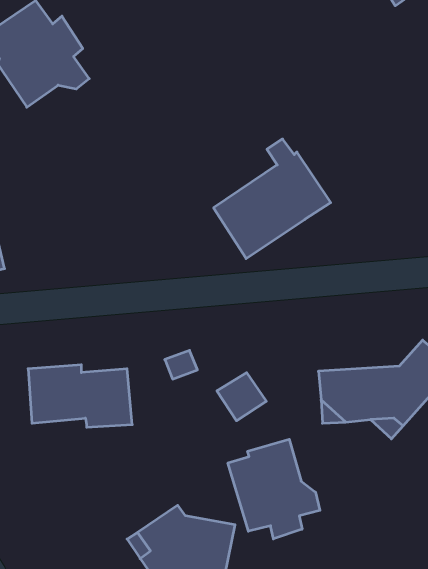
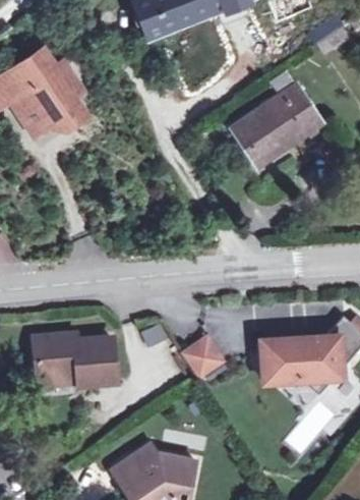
building: [214,139,331,259] -> [230,72,321,166]
building: [228,439,320,539] -> none

